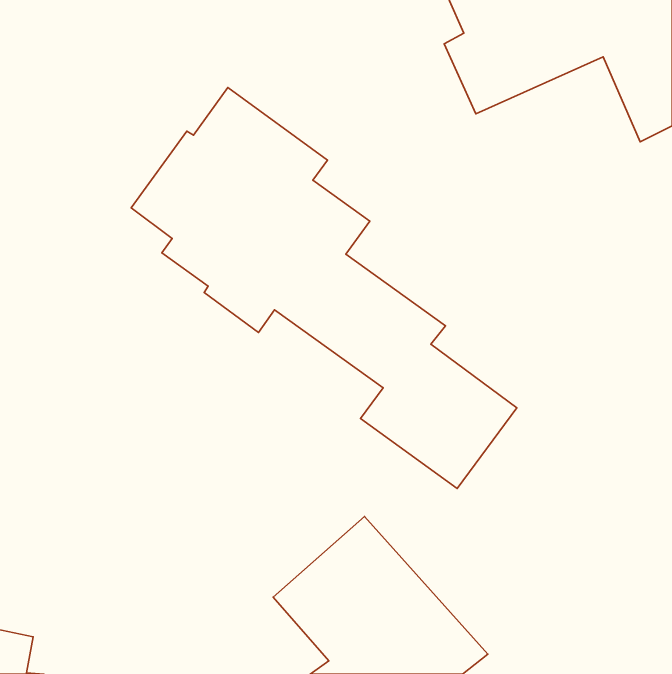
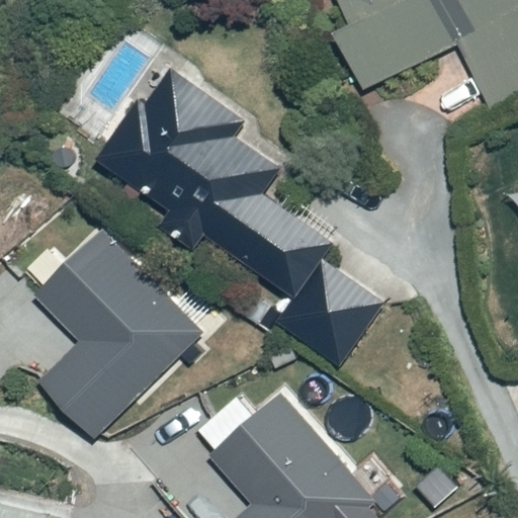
building: none -> [34,230,201,434]

